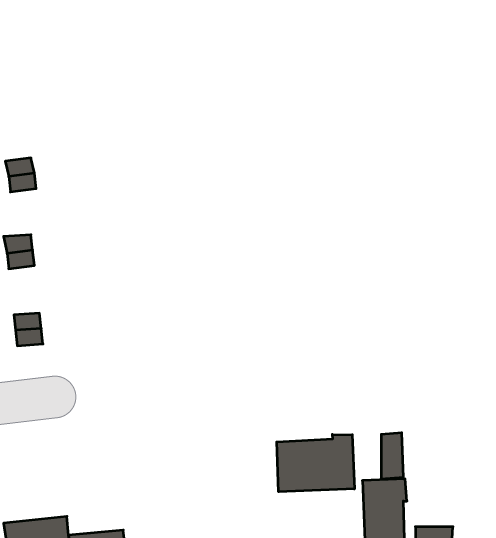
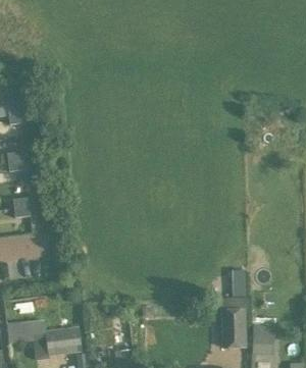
building: [277,434,354,492] -> none

